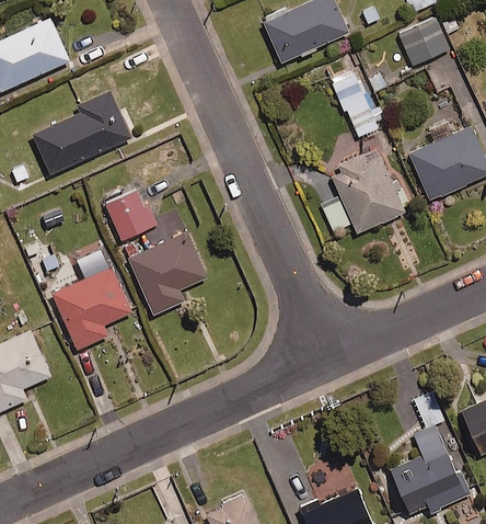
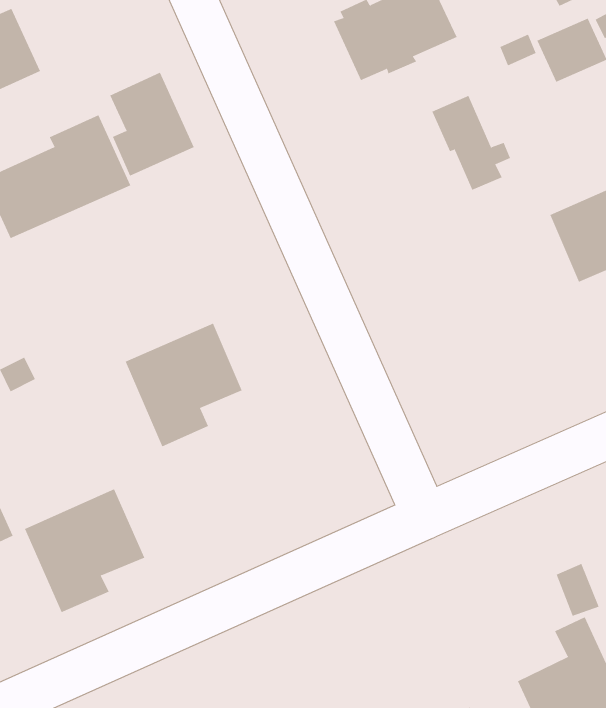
building: none -> [109,72,194,177]
building: [315,157,412,236] -> none
building: [104,189,155,237] -> none
building: [48,263,130,348] -> [24,489,145,613]

